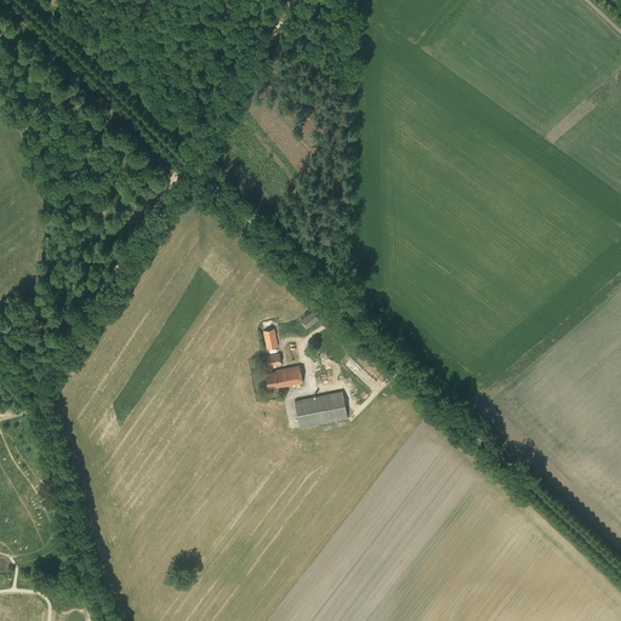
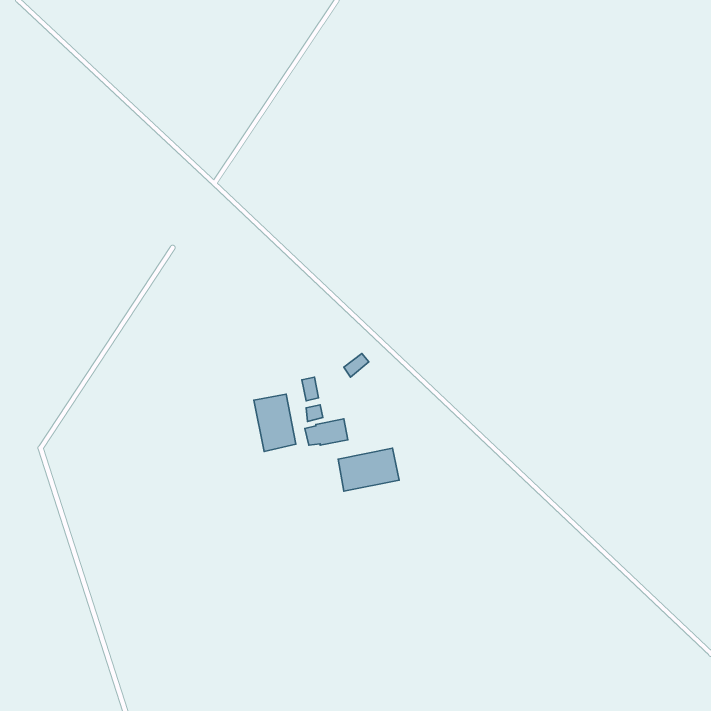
building: none -> [254,394,296,451]

